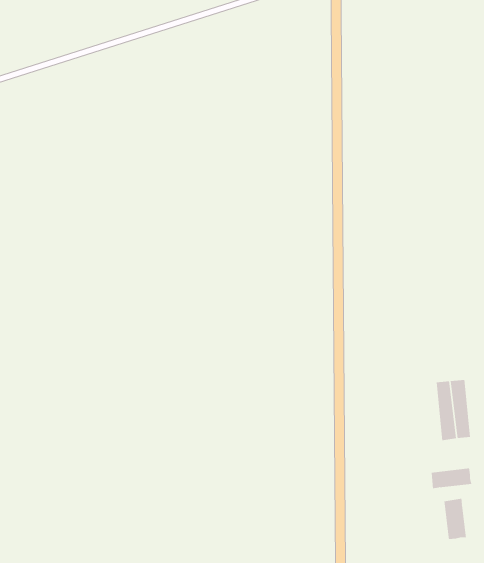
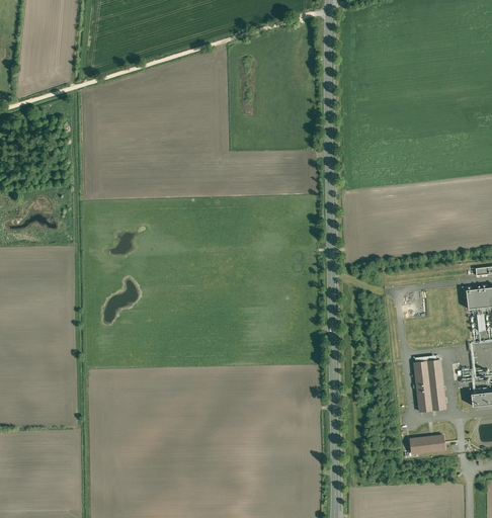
building: [444,498,467,540] -> none

